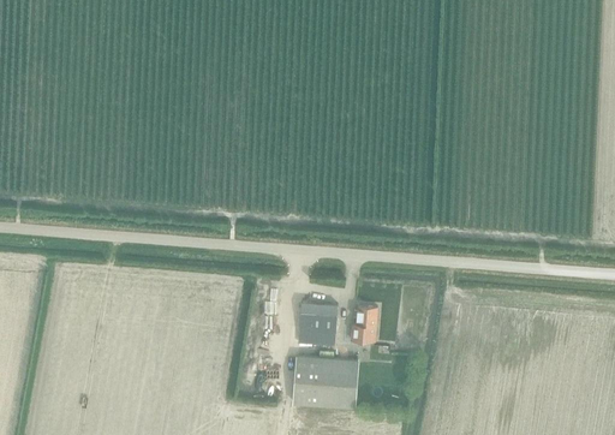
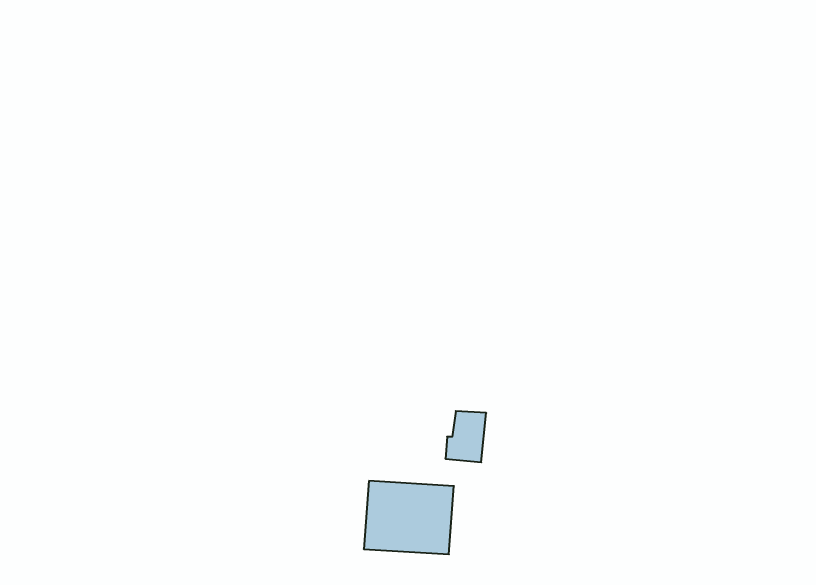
building: [298,304,345,348] -> none

